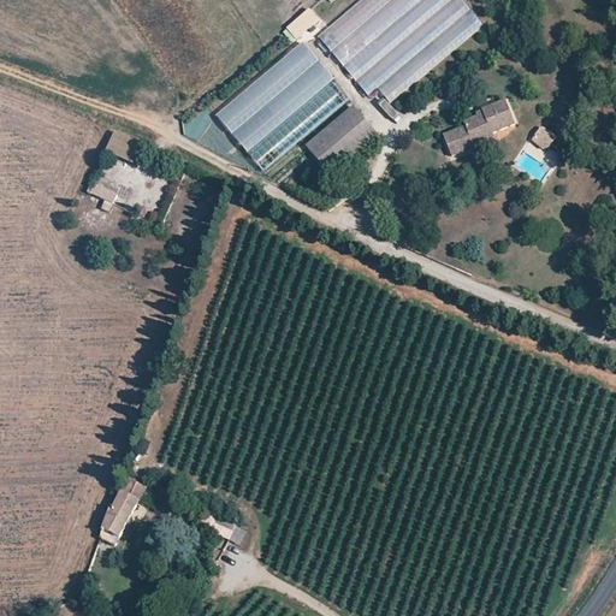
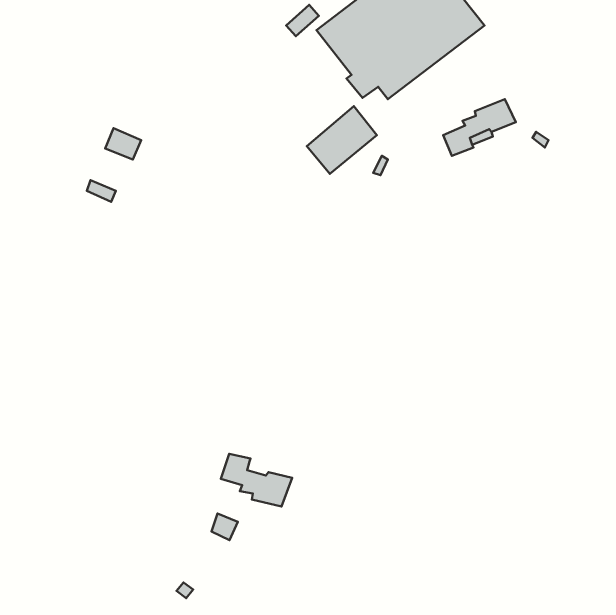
building: [214,40,349,168] -> none
building: none -> [221,454,292,506]
building: [99,475,146,544] -> none

